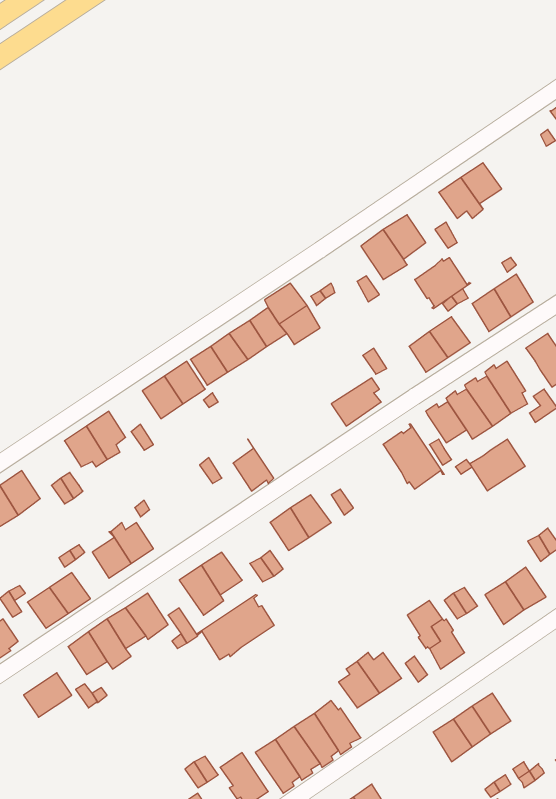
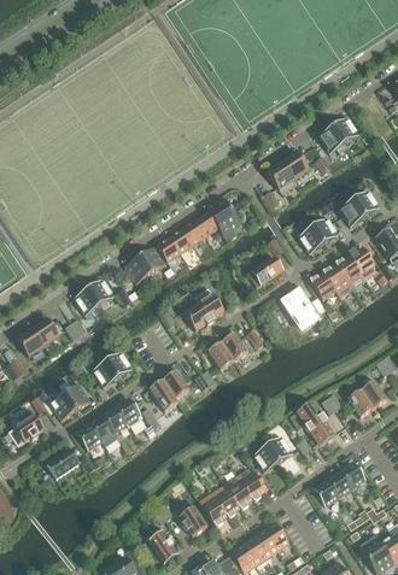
building: [415,258,471,309] -> none
building: none -> [193,288,223,323]
building: [470,439,525,491] -> none
building: [197,595,274,660] -> none

